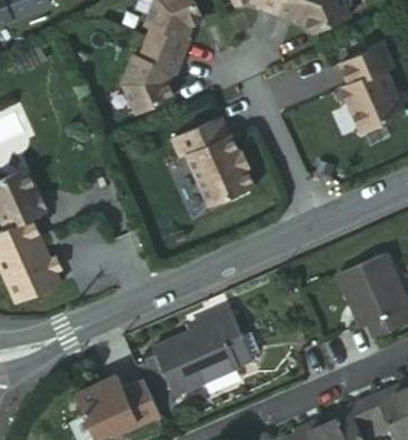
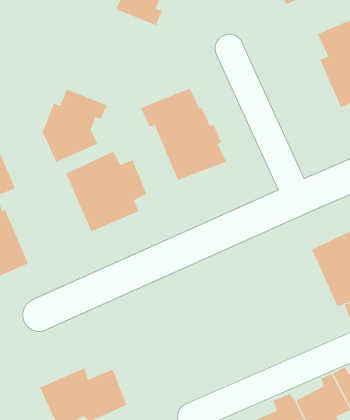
building: [123,43,186,113] -> [42,89,107,162]
building: none -> [66,151,147,232]
building: [151,301,250,390] -> none

